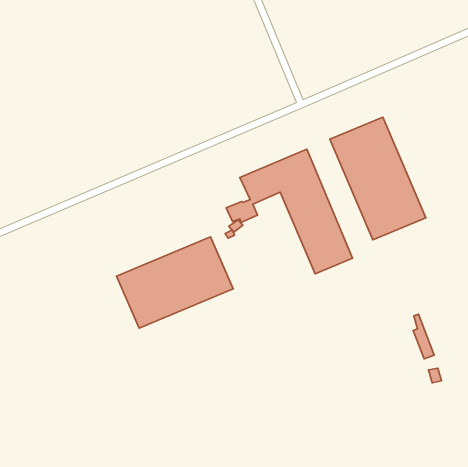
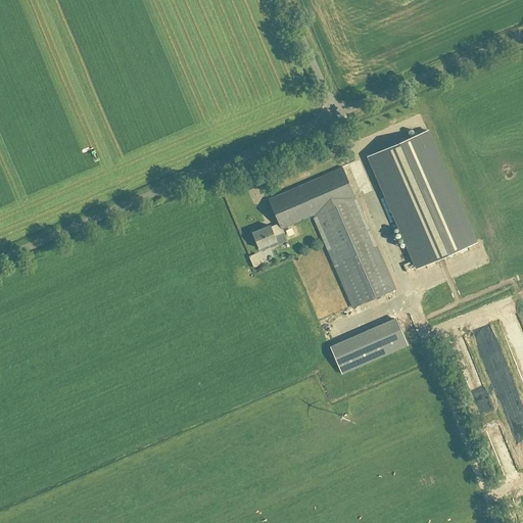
building: [116,237,233,328] -> none
building: none -> [331,318,408,372]

